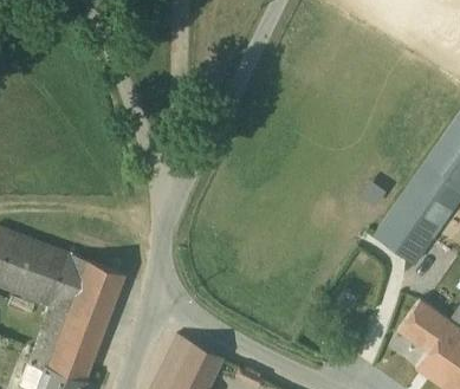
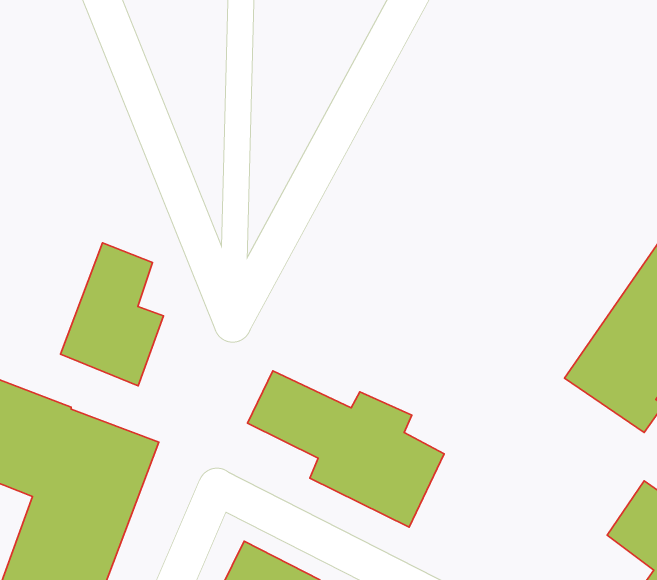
building: none -> [61,243,163,386]
building: none -> [247,371,444,527]

